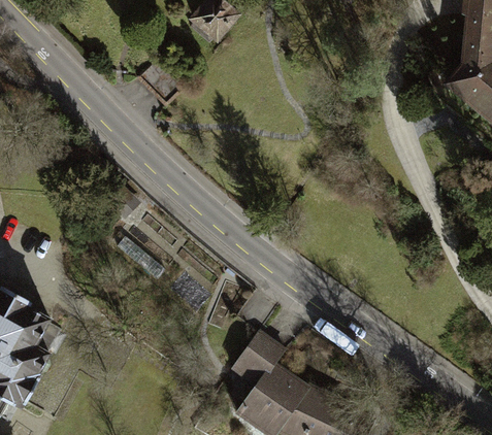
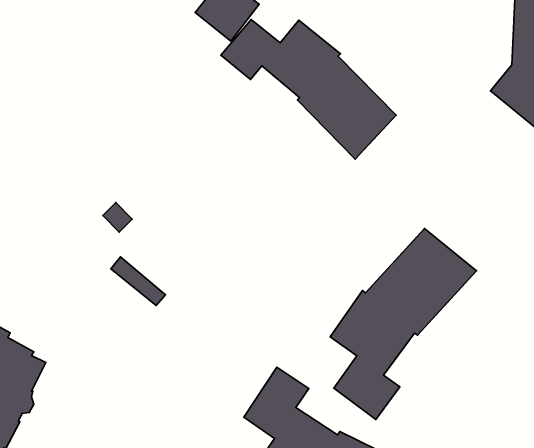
building: none -> [221,19,396,159]
building: none -> [330,228,477,419]

